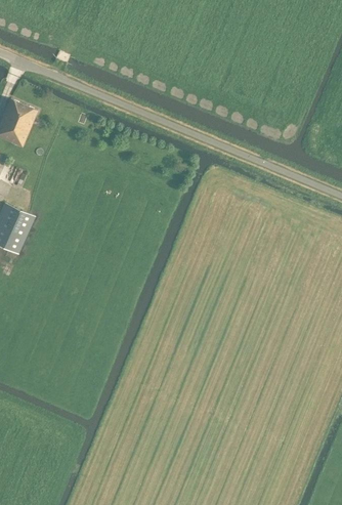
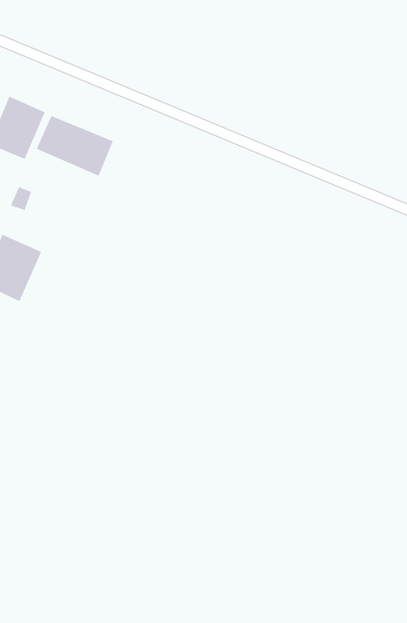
building: none -> [36,115,114,176]

